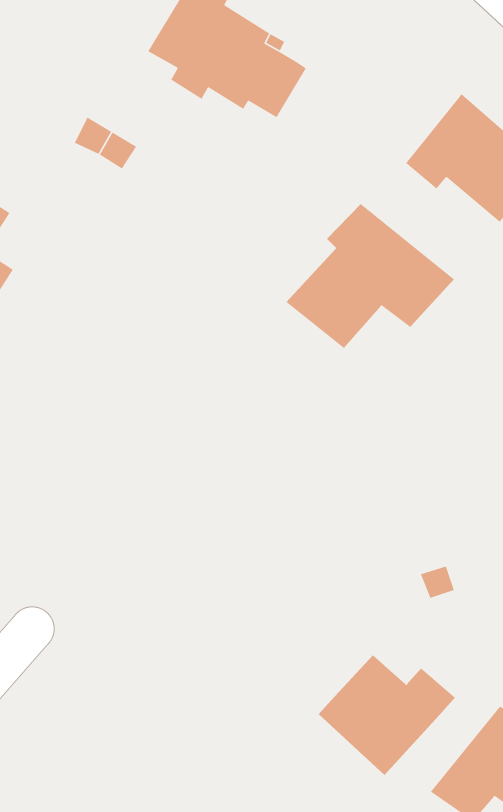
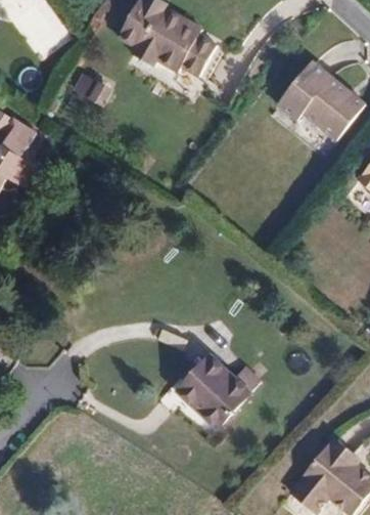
building: [286,203,455,349] -> none
building: [318,654,456,776] -> [175,355,260,430]

